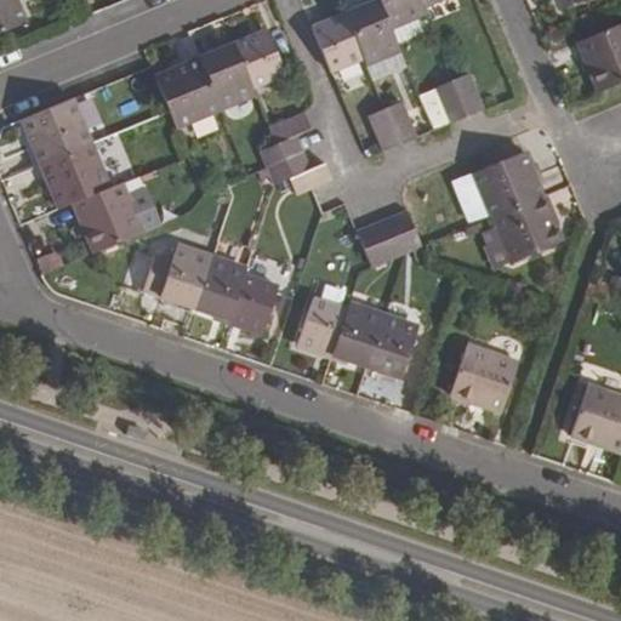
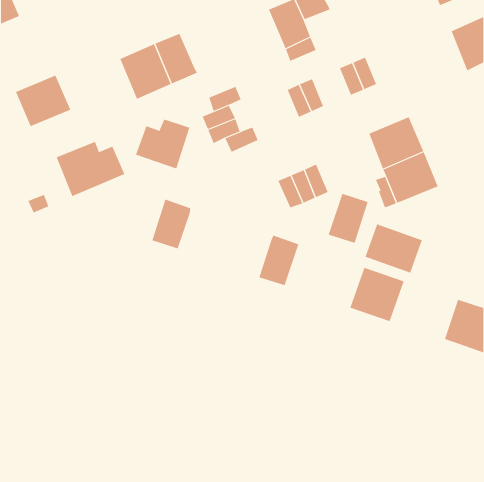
building: [310,12,363,72] -> none
building: [230,27,285,87] -> none
building: [39,141,110,207] -> none
building: [141,244,211,308] -> [135,119,190,169]
building: [228,273,278,331] -> none
building: none -> [365,223,422,273]
building: [297,296,347,355] -> none
building: [365,313,417,377] -> [328,193,368,243]

